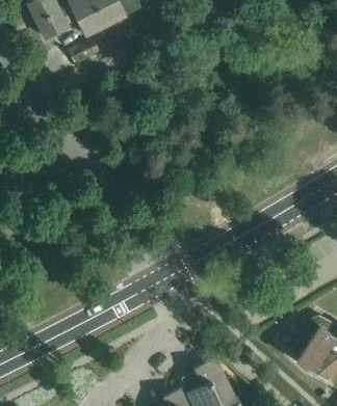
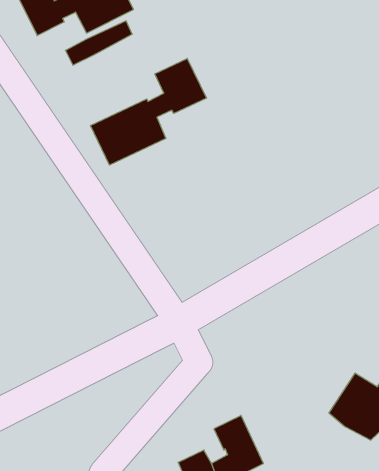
building: none -> [90,58,206,165]

